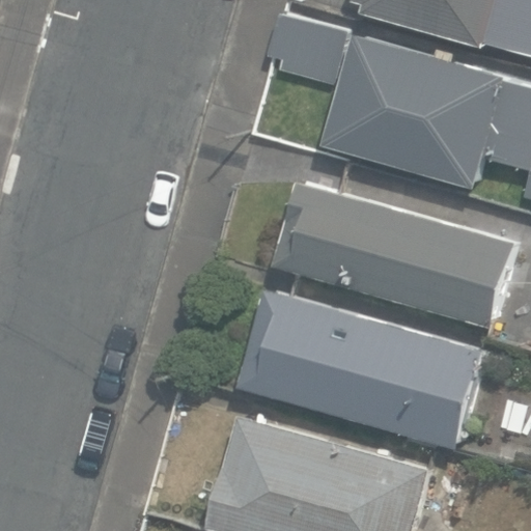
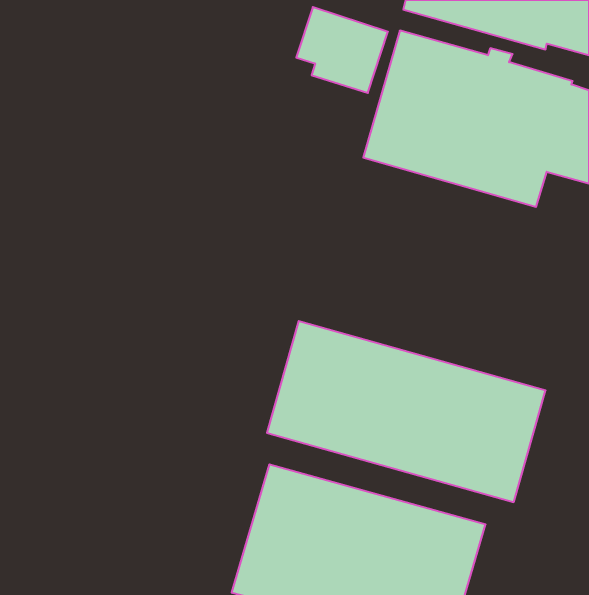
building: [272,181,513,327] -> none

